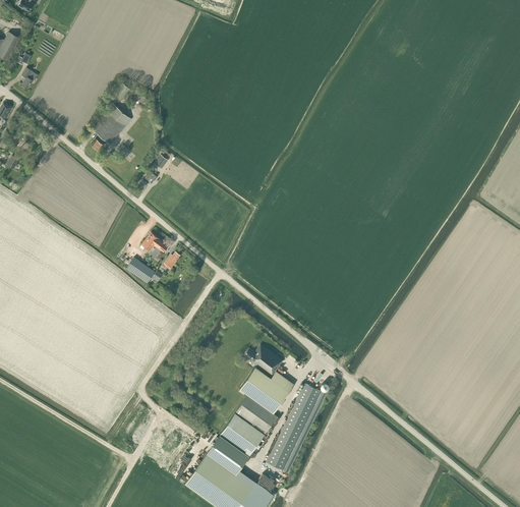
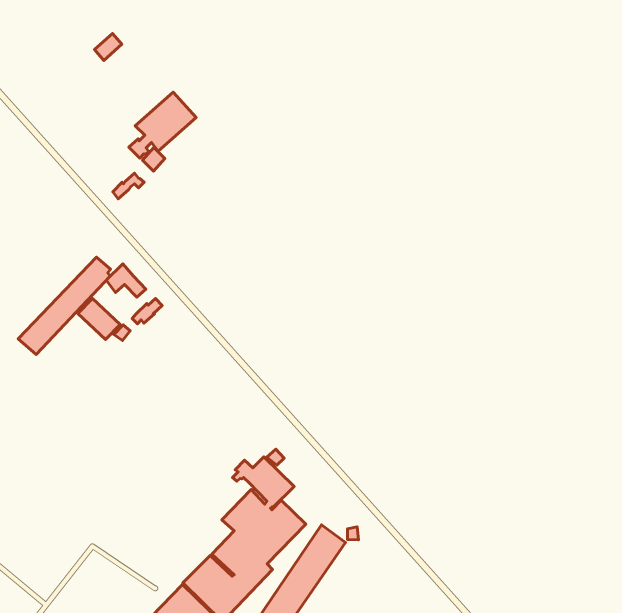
building: [91,105,131,151] -> [129,92,196,158]
building: none -> [18,257,110,355]

